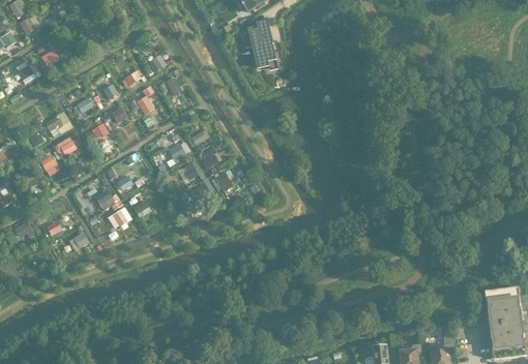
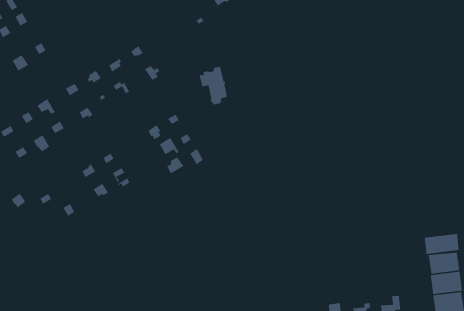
building: [241,23,274,67] -> [199,66,228,105]
building: none -> [424,233,460,255]

